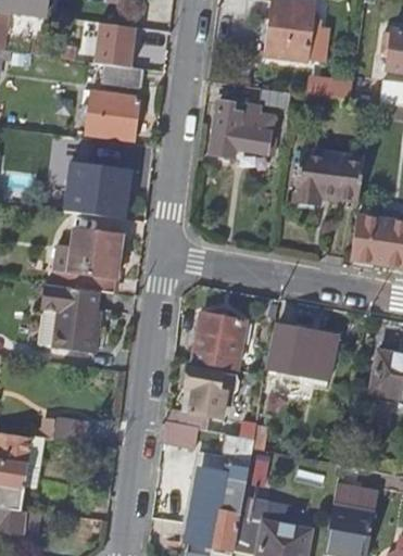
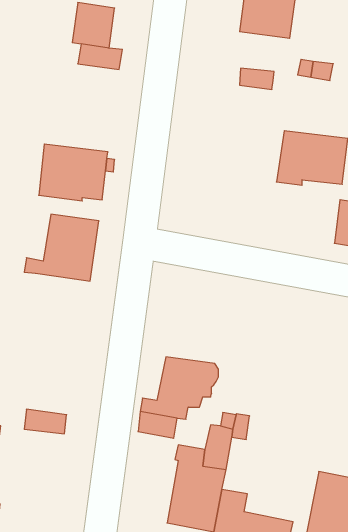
building: [87,91,141,141] -> none
building: [212,106,274,155] -> none
building: [38,287,99,354] -> none
building: [191,312,245,368] -> none
building: [270,325,338,387] -> none

